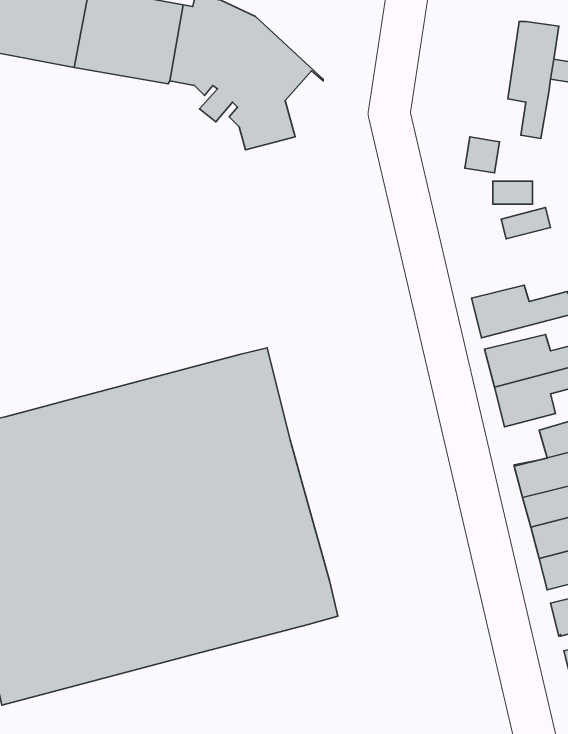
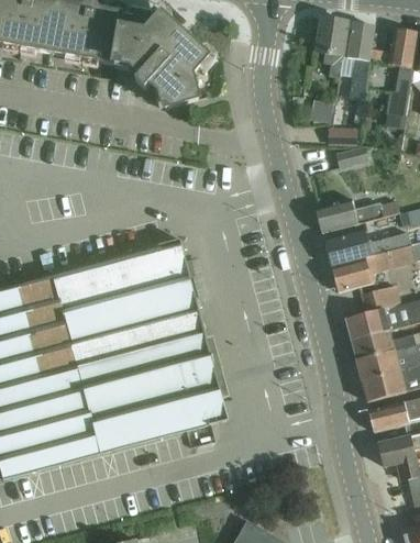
building: none -> [316,19,347,78]

